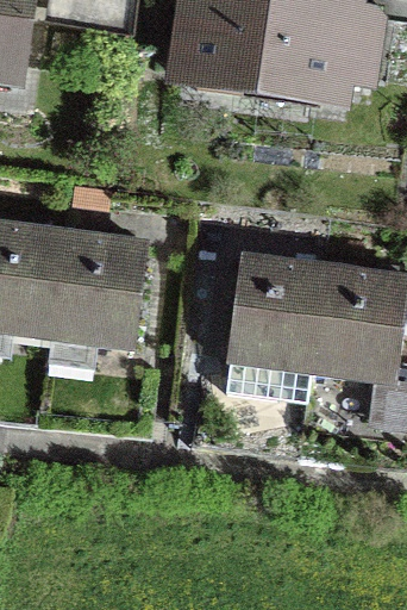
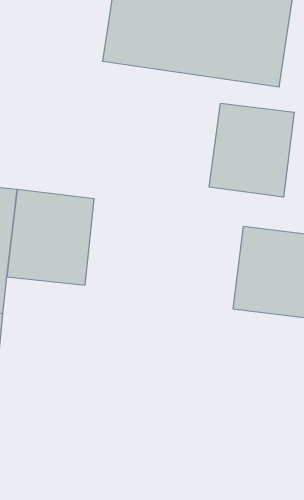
building: none -> [209,103,294,197]
building: [227,261,324,393] -> none

